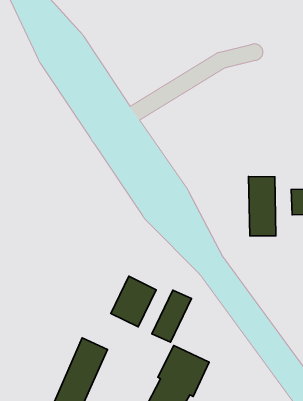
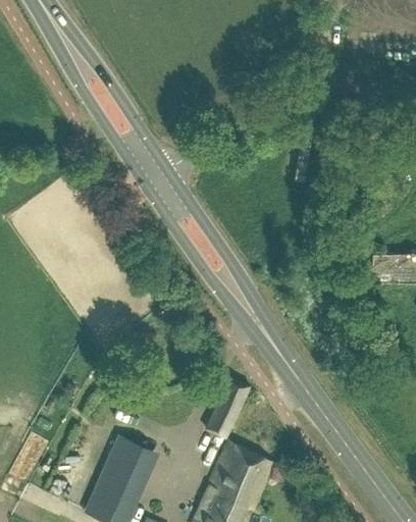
building: [249,177,276,236] -> none
building: [111,276,156,327] -> none

